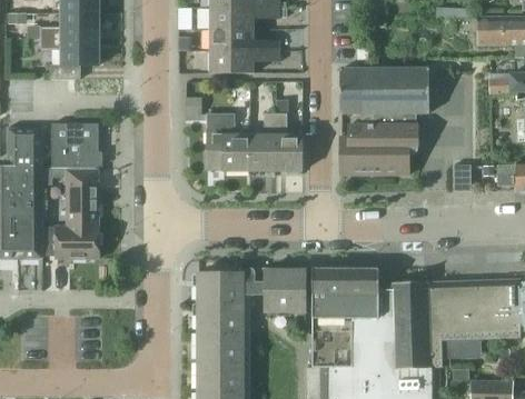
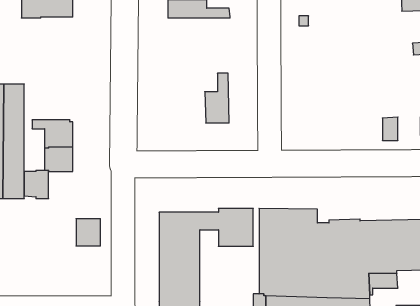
building: [51,49,99,79] -> none
building: [208,50,279,72] -> none
building: [338,68,438,174] -> none
building: [206,113,251,170] -> none
building: [277,113,303,170] -> none
building: [52,120,100,167] -> none
building: [71,226,99,257] -> [76,219,100,246]

